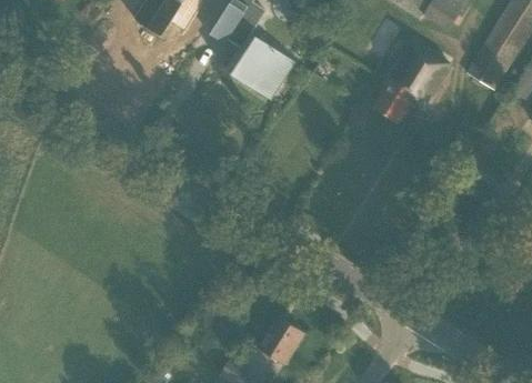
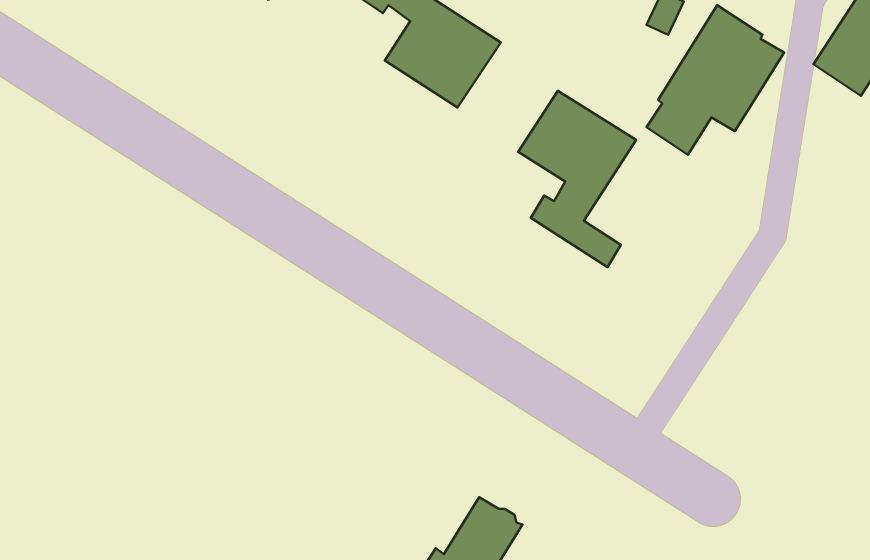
building: none -> [518,91,636,267]

